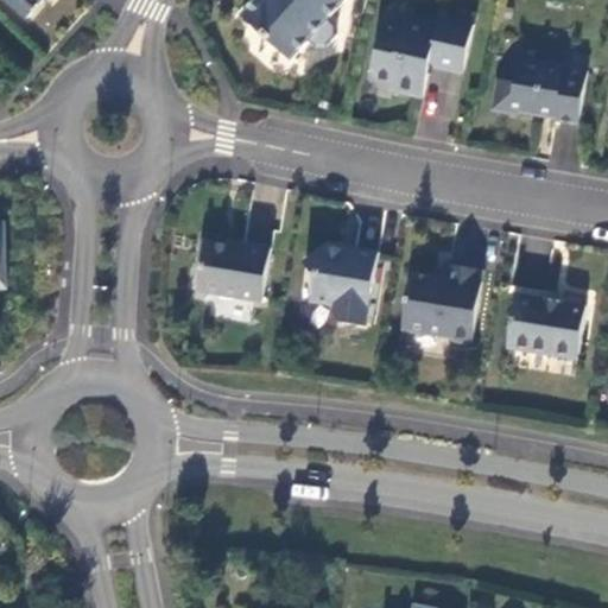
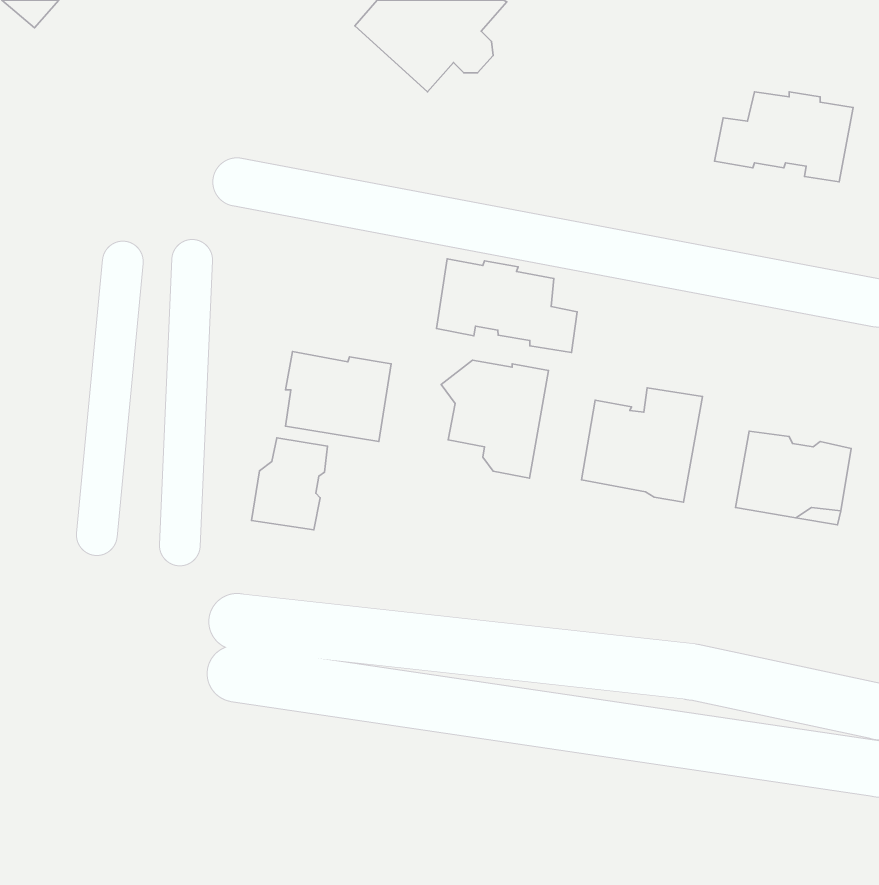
building: [369,11,474,99] -> none
building: none -> [437,259,577,353]
building: none -> [252,438,327,530]

